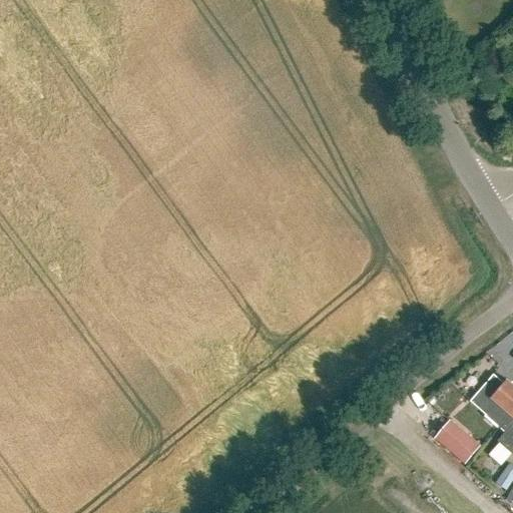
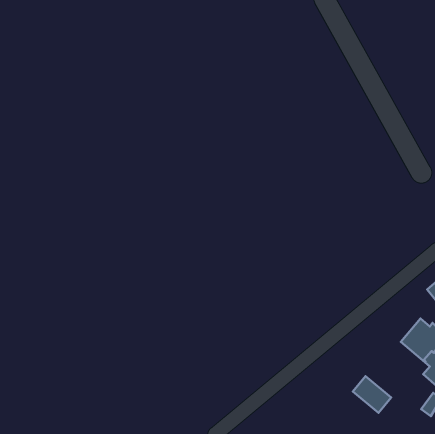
building: [439,422,484,465] -> [353,376,391,413]

